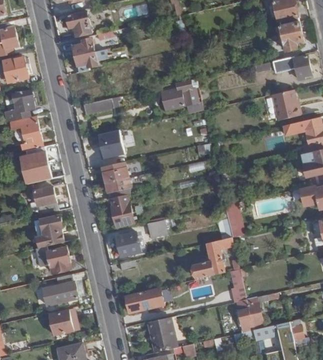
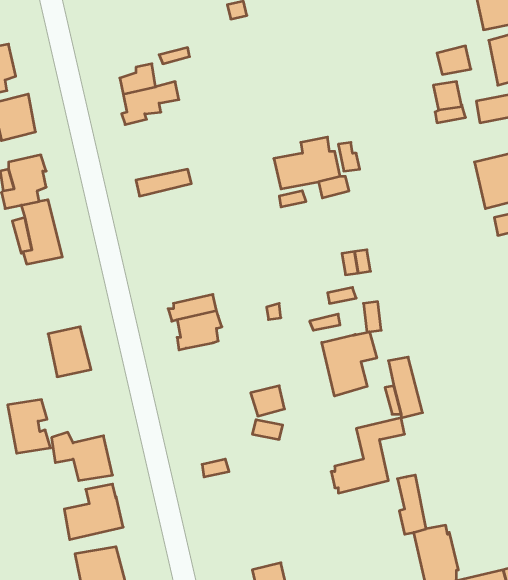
building: [61,12,90,42] -> none
building: [92,130,123,160] -> none
building: [25,152,53,181] -> none
building: none -> [322,332,377,396]
building: [110,195,132,227] -> none
building: [39,215,63,245] -> [8,400,51,453]
building: [115,232,139,256] -> none
building: [124,287,163,313] -> none

